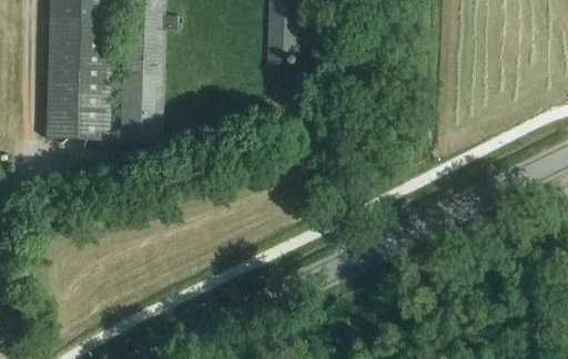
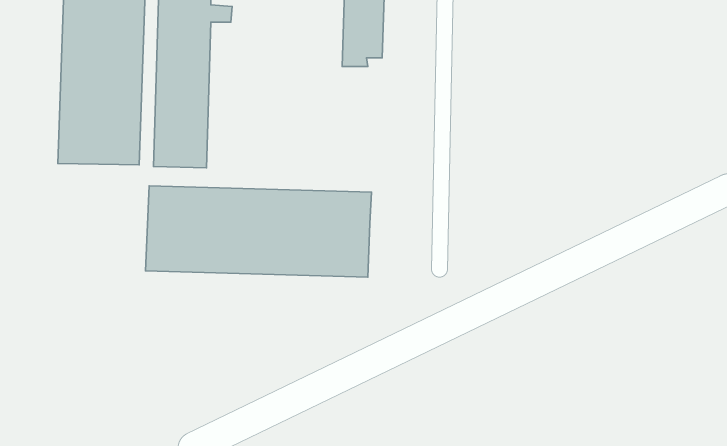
building: none -> [146,186,372,277]

